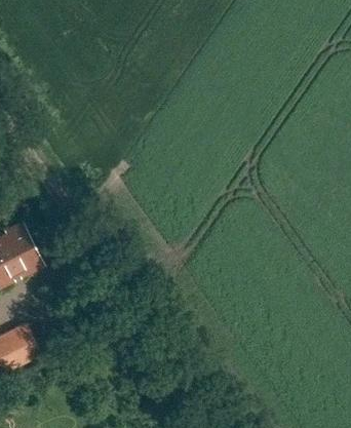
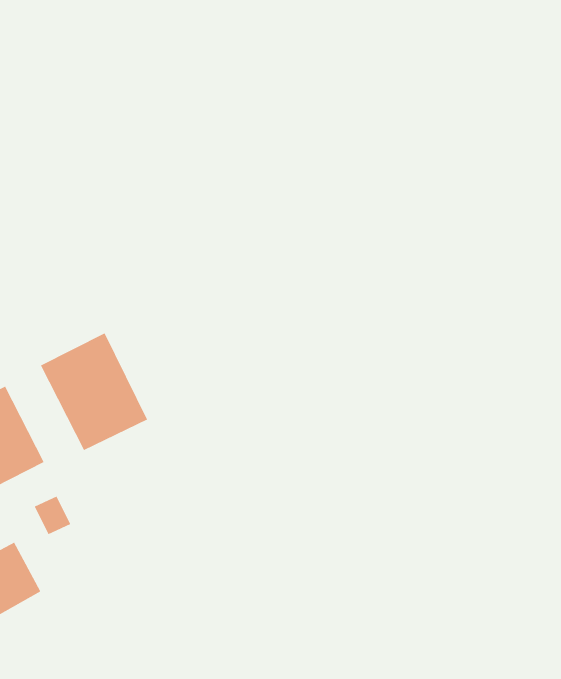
building: none -> [40,333,148,451]

